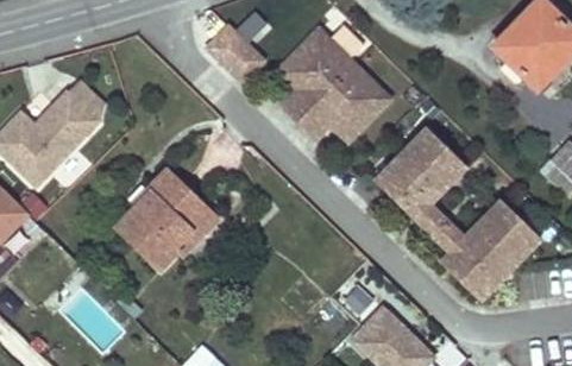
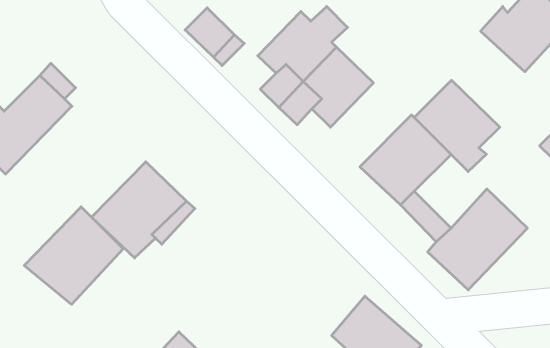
building: none -> [414,80,500,172]
building: none -> [24,207,123,304]

